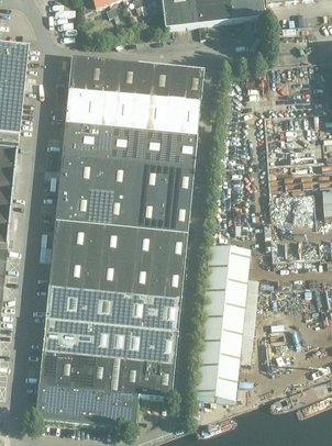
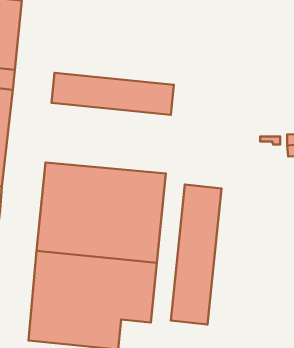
building: [65,56,203,135] -> none
building: [55,155,193,233] -> none

